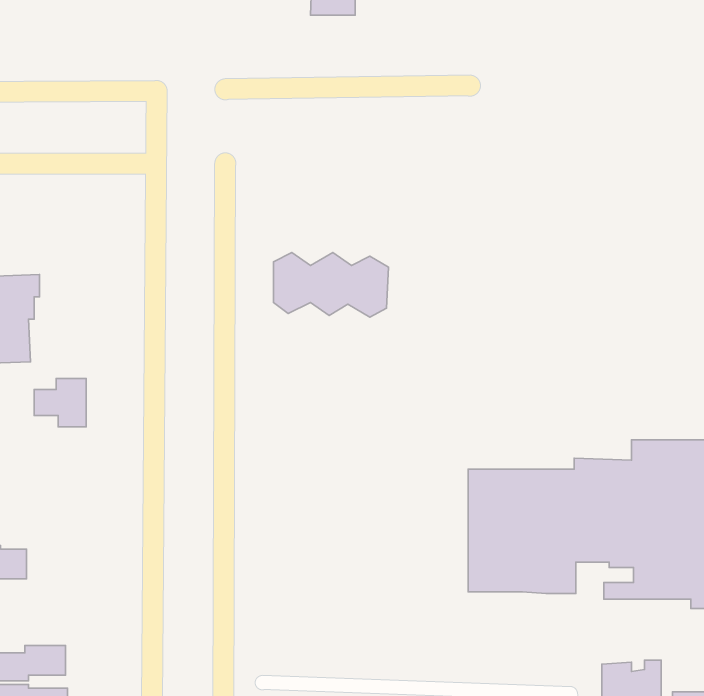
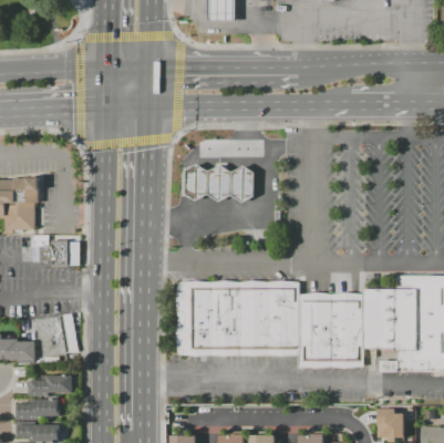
building: none -> [176,282,297,354]
building: none -> [37,315,70,358]
building: none -> [27,375,71,396]

